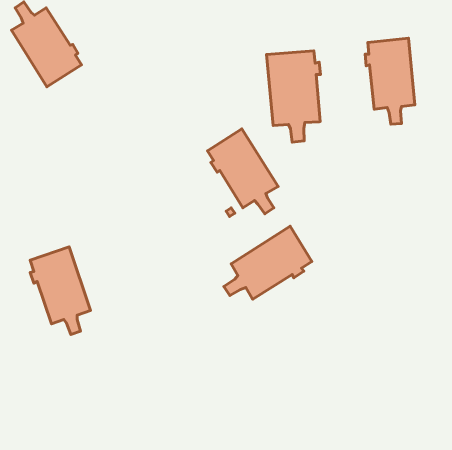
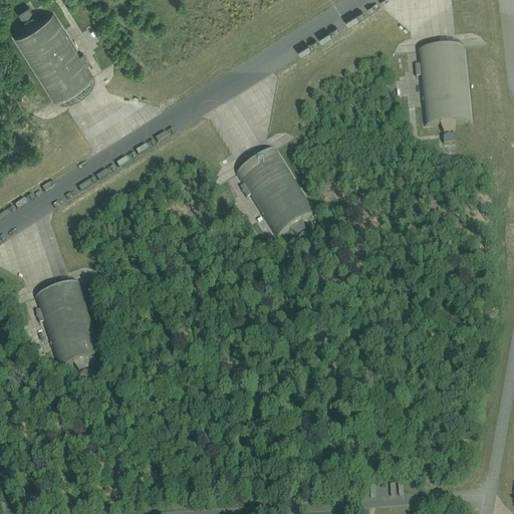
building: [267,51,320,142] -> none
building: [224,226,312,299] -> none

